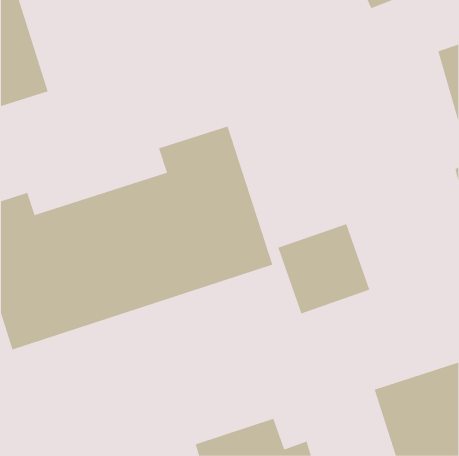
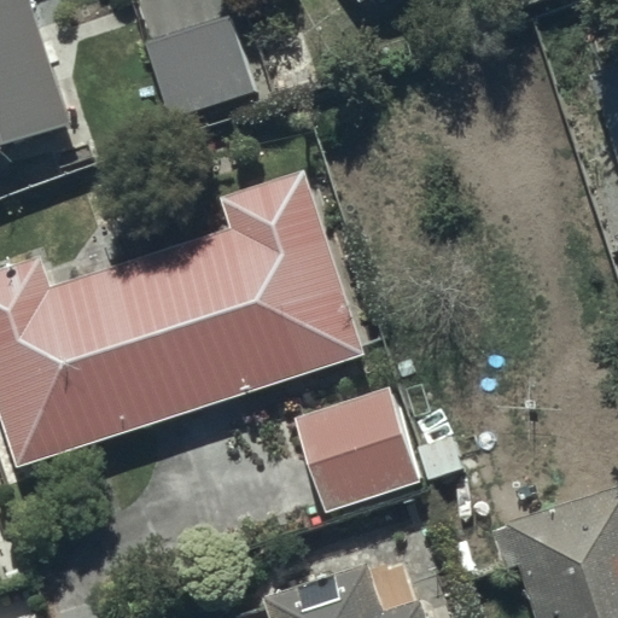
building: none -> [142,12,256,119]
building: [278,223,370,314] -> [291,389,415,511]

